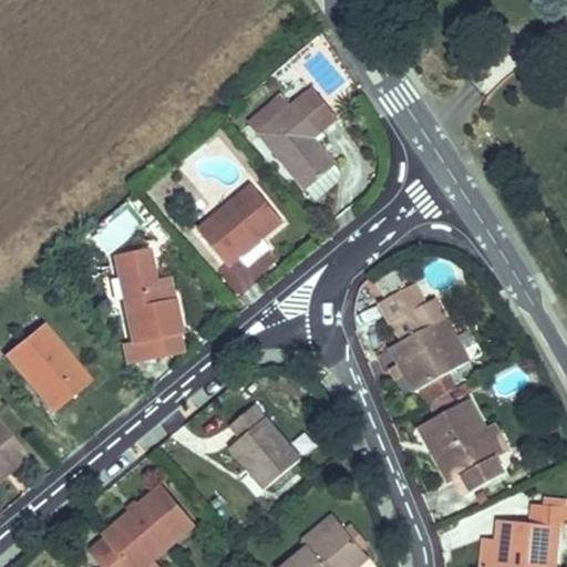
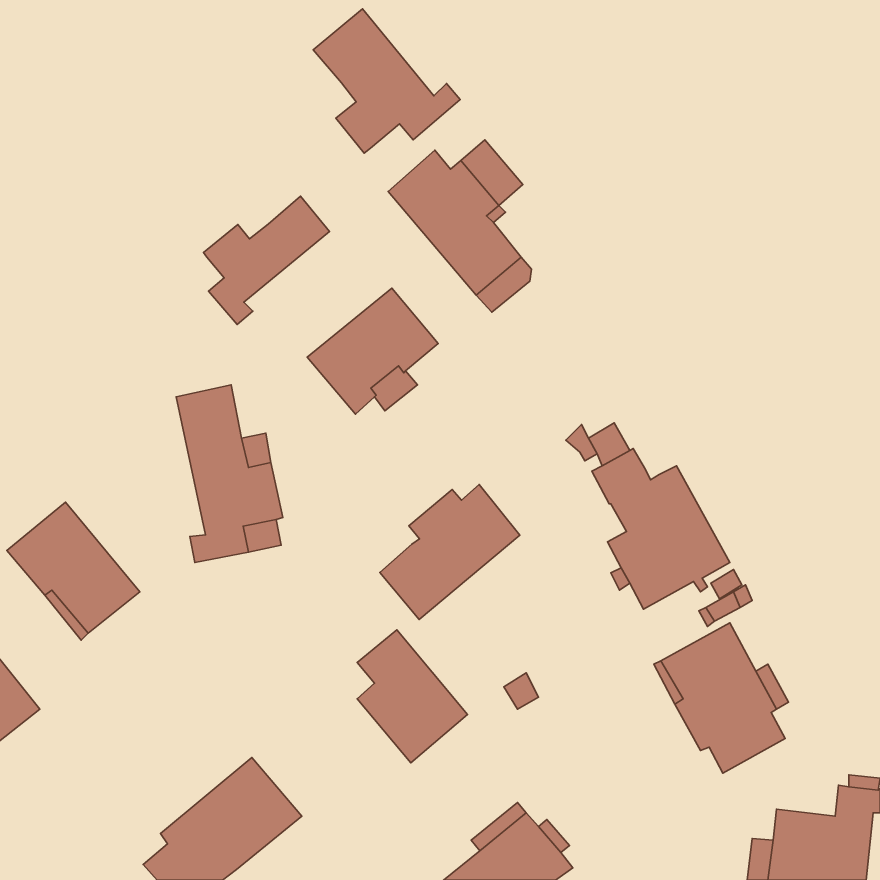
building: none -> [313,9,460,153]
building: none -> [203,196,329,325]
building: none -> [380,485,520,619]

